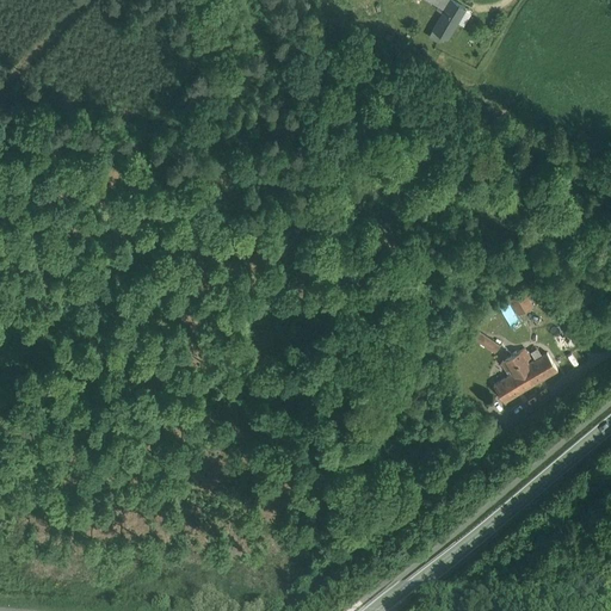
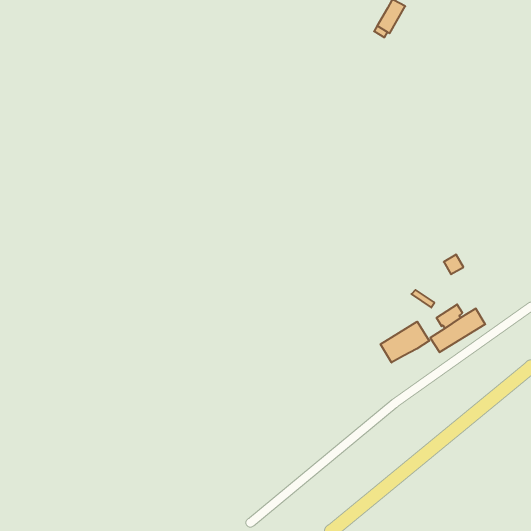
building: none -> [381,322,429,363]

